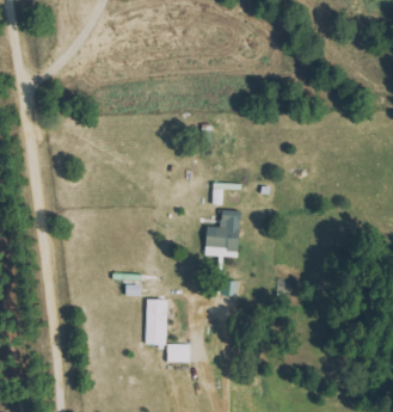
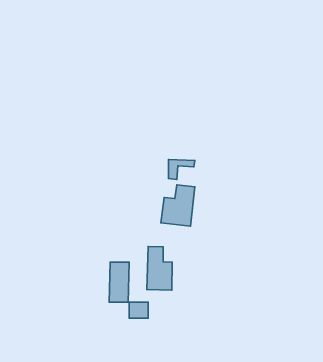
building: none -> [147,247,172,290]

